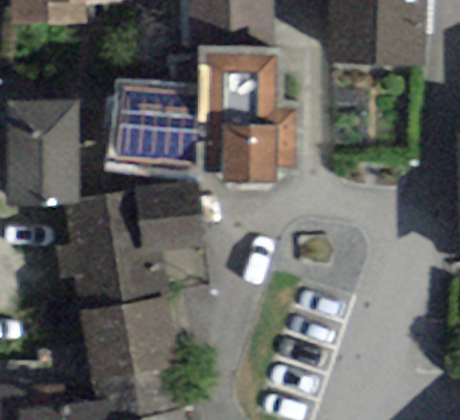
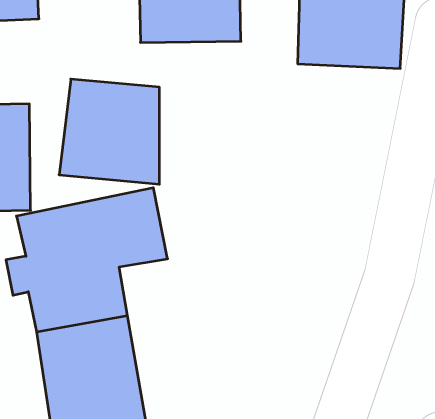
building: [194,47,294,188] -> none

